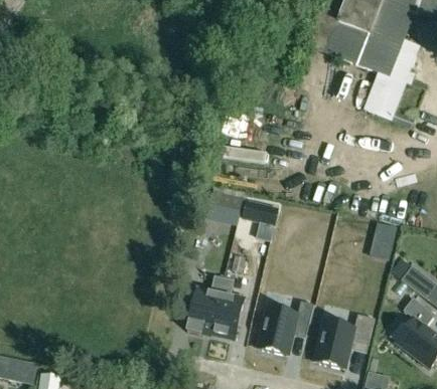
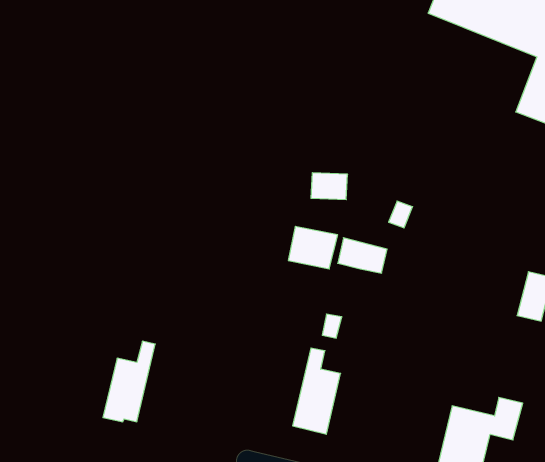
building: [186,275,224,333] -> [103,341,155,422]
building: [258,300,314,354] -> none

